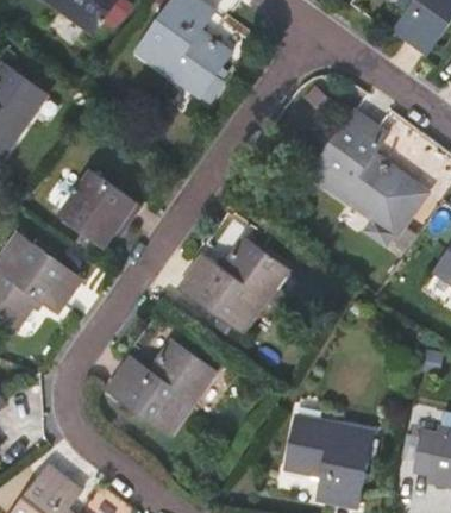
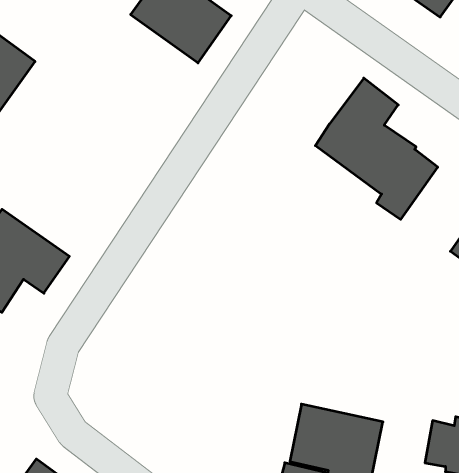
building: [62,171,134,244] -> none
building: [178,237,289,332] -> none
building: [107,339,215,434] -> none

